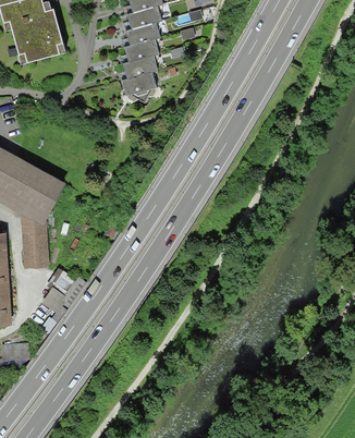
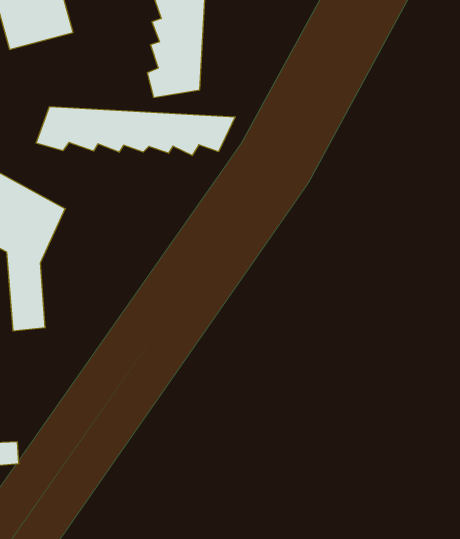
building: none -> [36,107,235,156]

